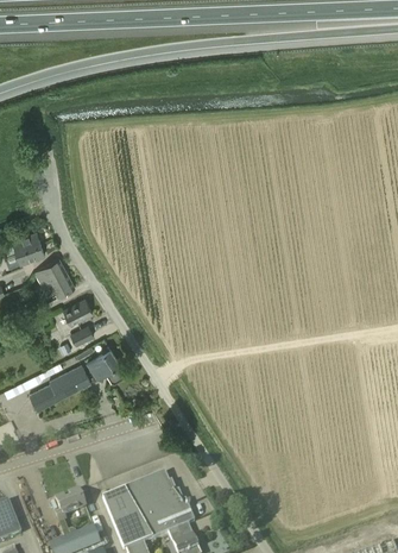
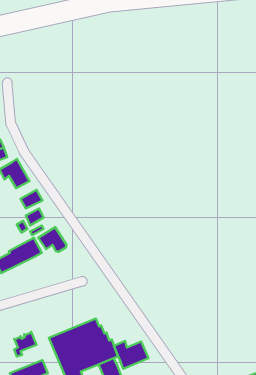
building: none -> [114,341,149,369]

